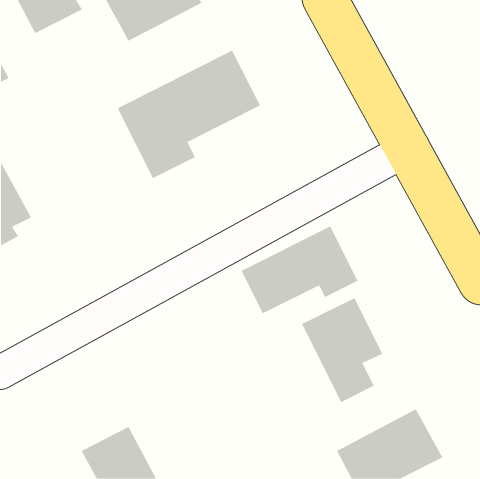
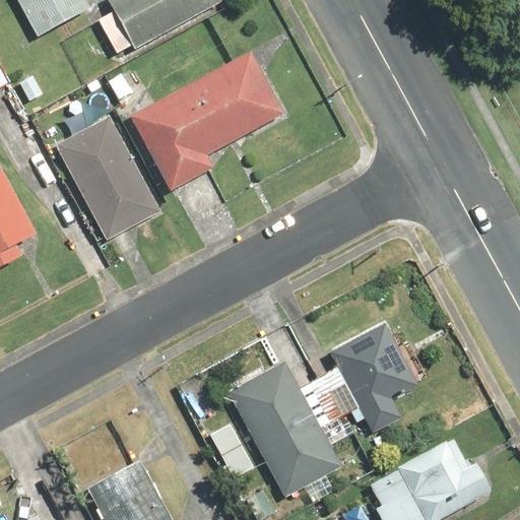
building: none -> [53,116,160,241]
building: [241,226,358,314] -> none
building: none -> [231,361,342,494]

